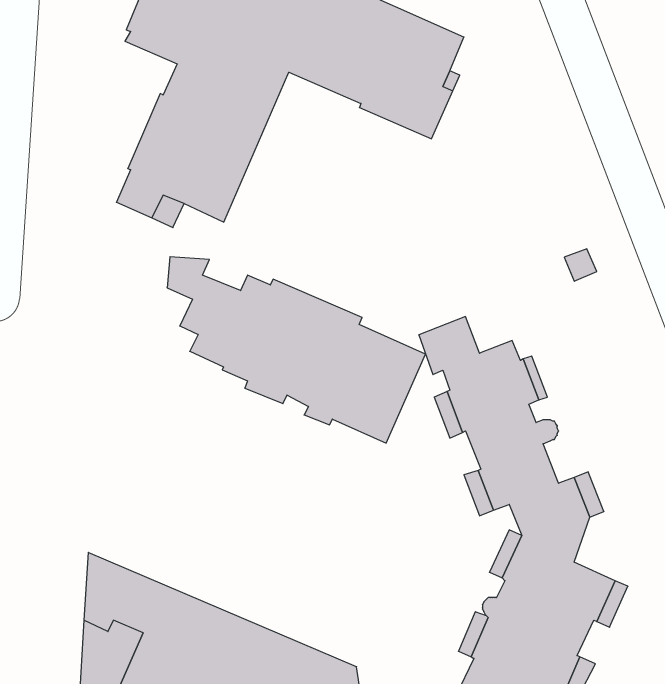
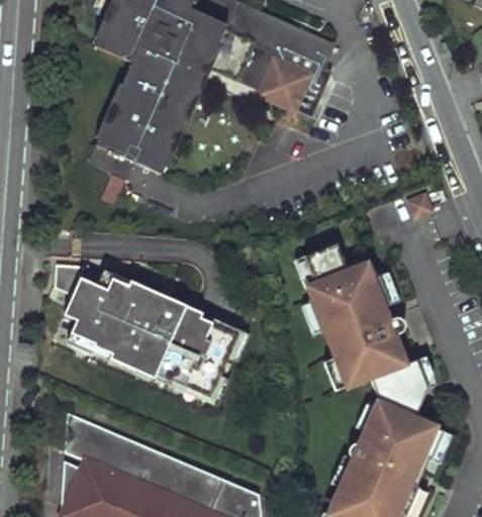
building: [167,257,426,443] -> [54,266,238,399]

